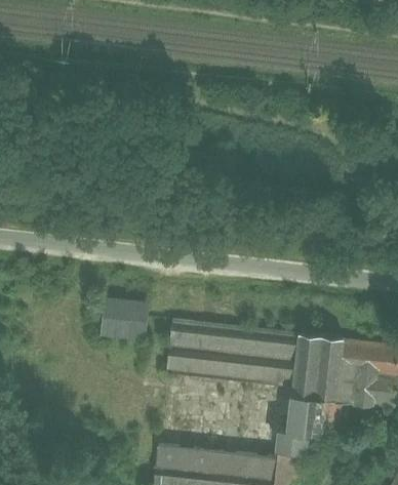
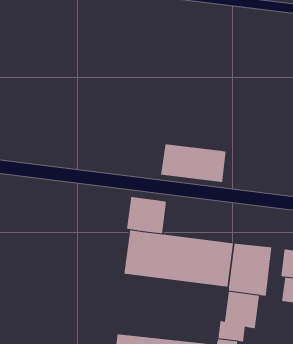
building: none -> [161,144,226,183]
building: [97,294,148,340] -> [126,197,167,234]

